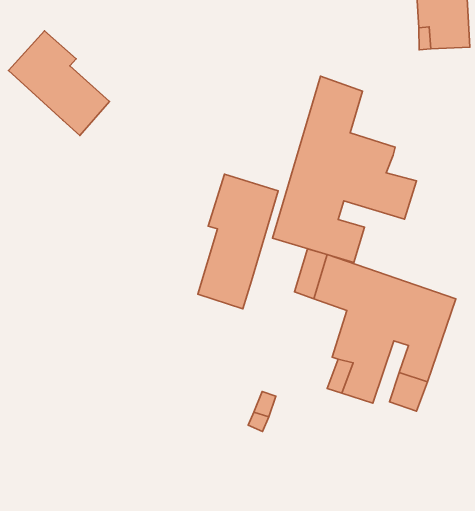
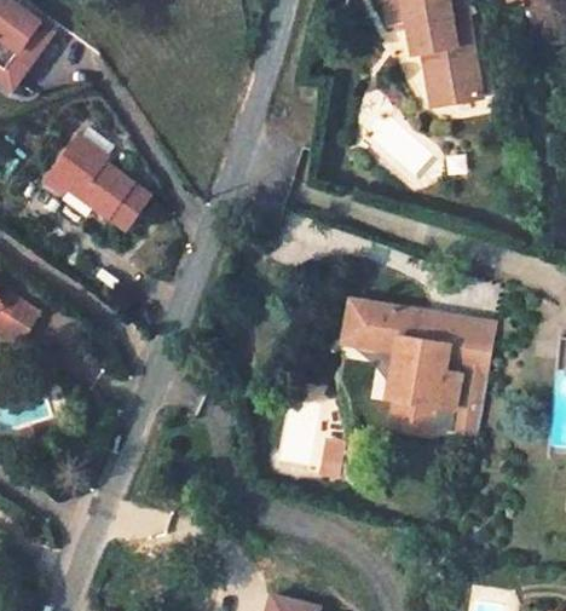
building: [273,76,417,262] -> none
building: [198,174,278,309] -> none

